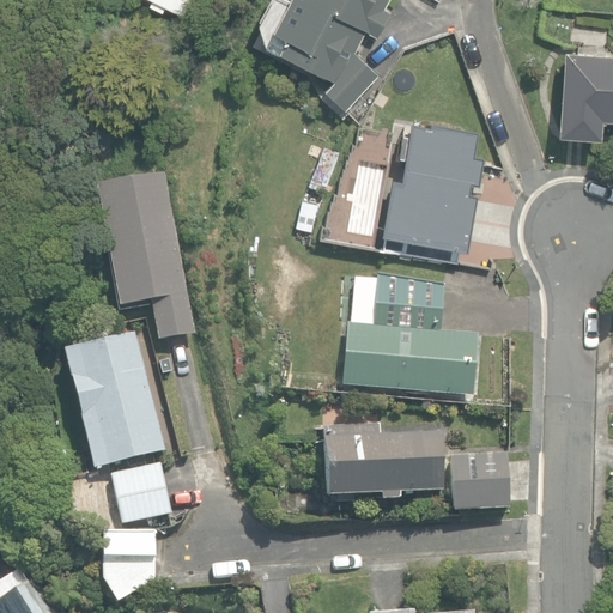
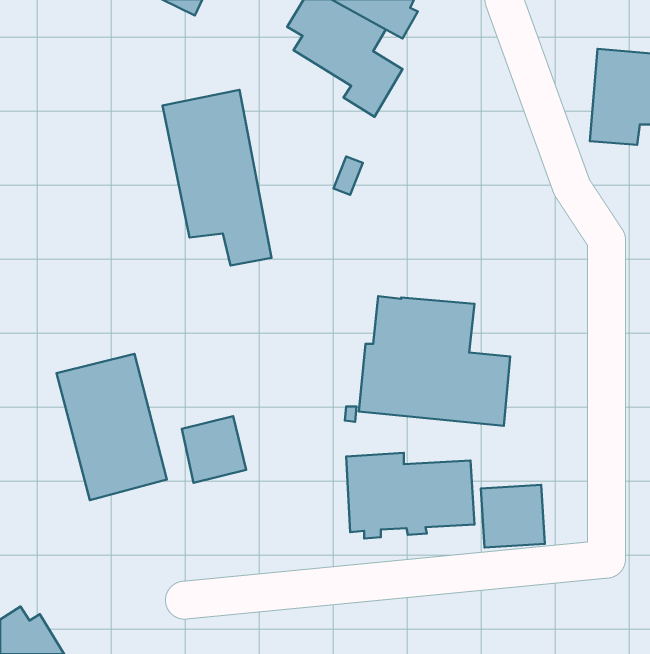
building: [384,120,485,257] -> none
building: [90,174,192,338] -> [163,90,272,266]
building: [115,462,175,524] -> [182,416,246,483]
building: [107,530,159,603] -> none

